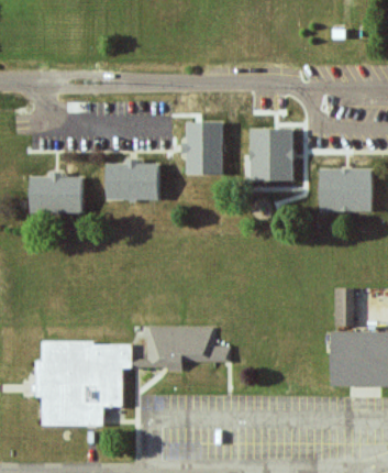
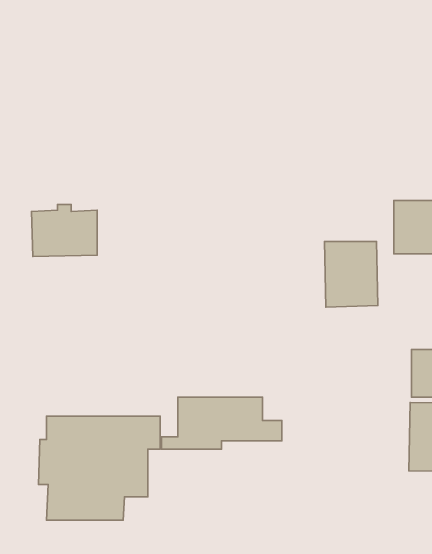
building: [181,122,222,175] -> none
building: [250,129,292,182] -> [324,241,378,307]
building: [106,158,158,200] -> none

